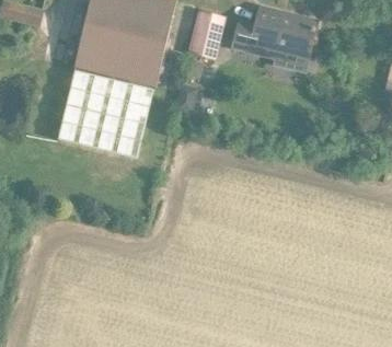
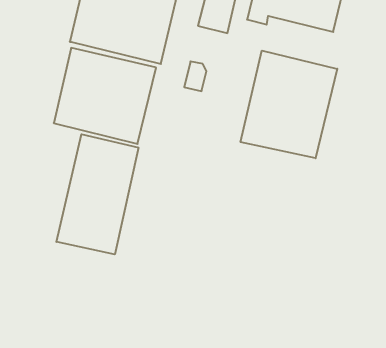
building: none -> [241,51,337,158]
building: none -> [56,134,138,254]

